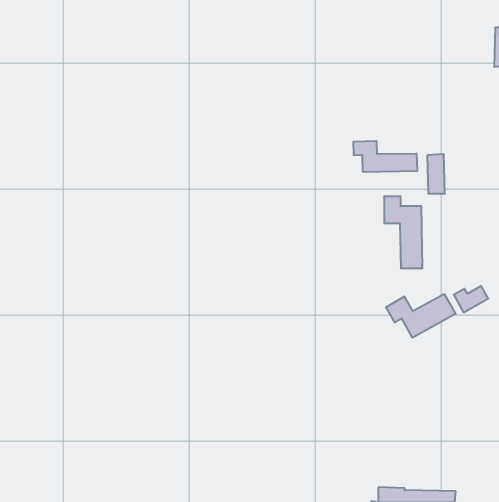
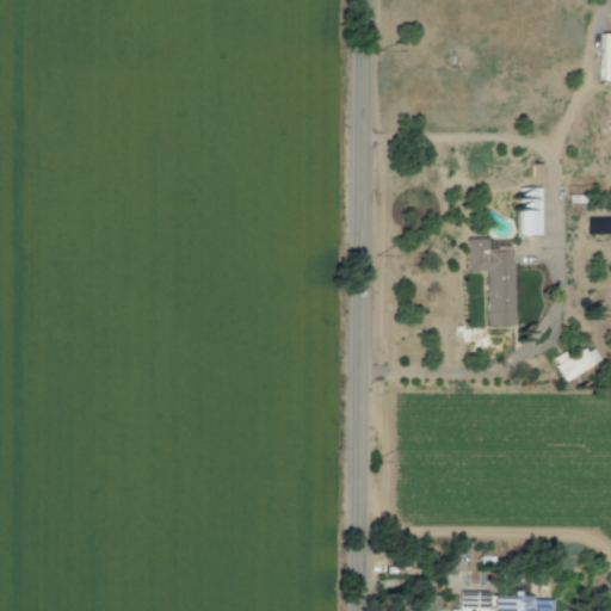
building: [353,141,417,172] -> none
building: [386,294,456,338] -> none

